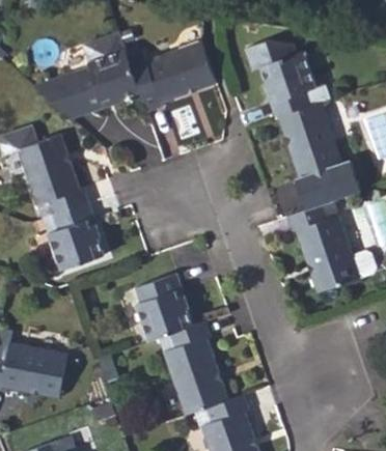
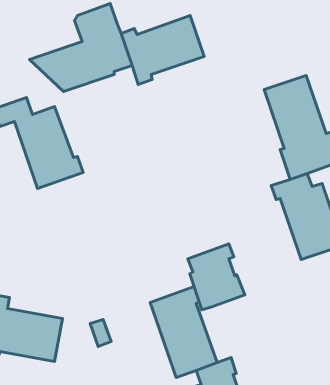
building: [252,37,315,117] -> none
building: [43,202,103,270] -> none
building: [135,272,194,340] -> [188,244,245,310]

